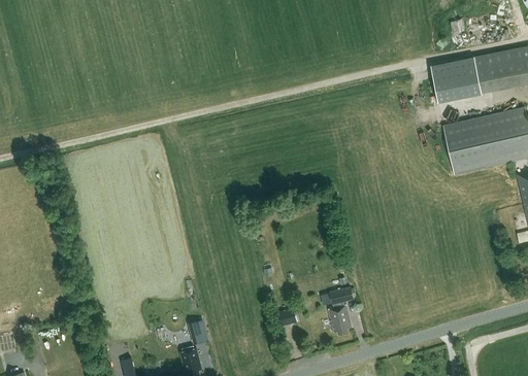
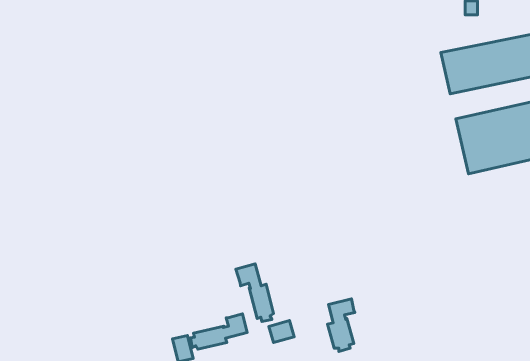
building: none -> [236,264,273,322]
building: none -> [190,314,247,349]

